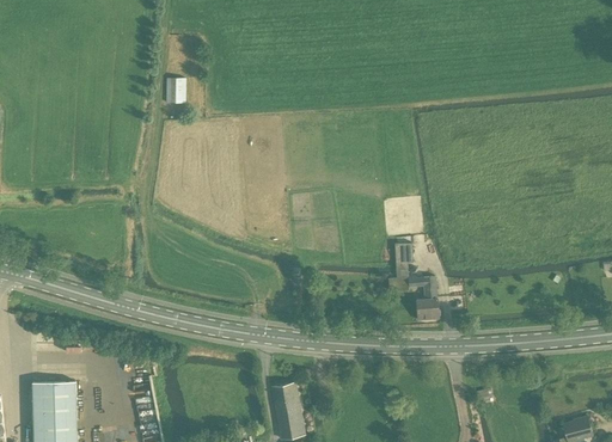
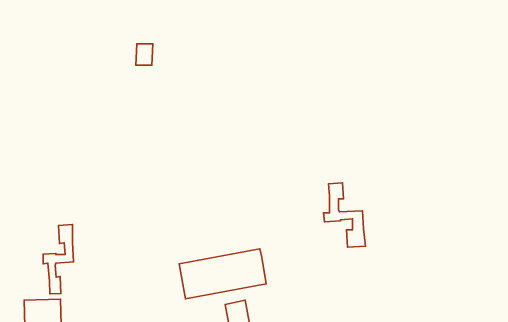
building: none -> [43,224,74,294]
building: none -> [179,249,266,299]

